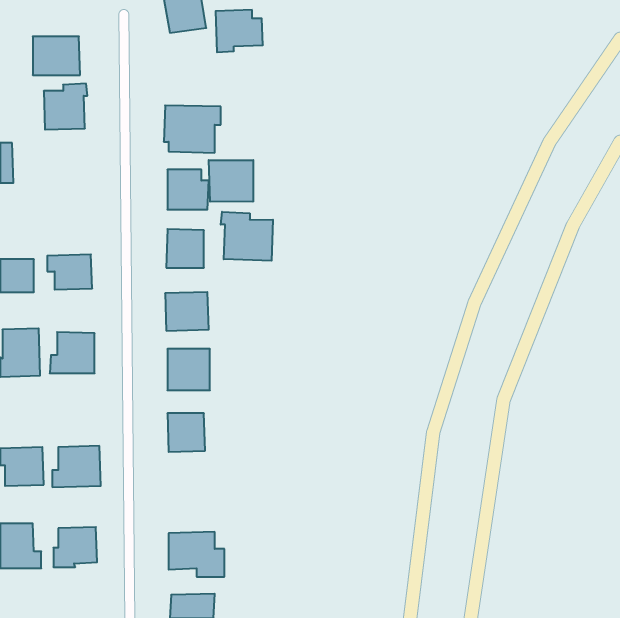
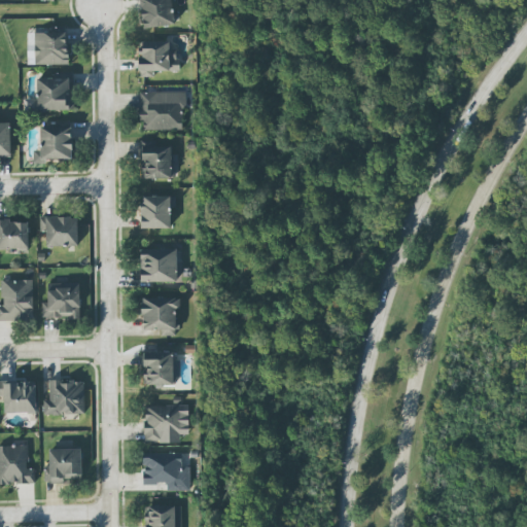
building: [216,10,263,52] -> [139,40,179,76]
building: none -> [34,125,73,163]
building: [209,160,253,202] -> none
building: [221,212,273,261] -> none
building: none -> [144,405,189,442]

